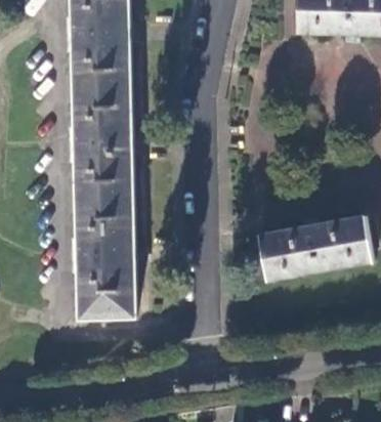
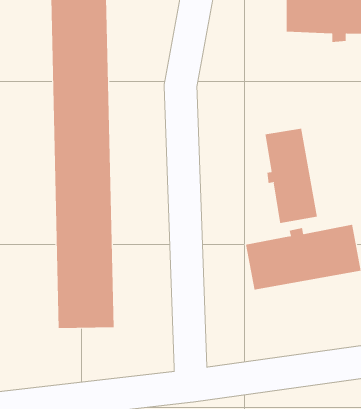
building: none -> [265,128,318,224]

